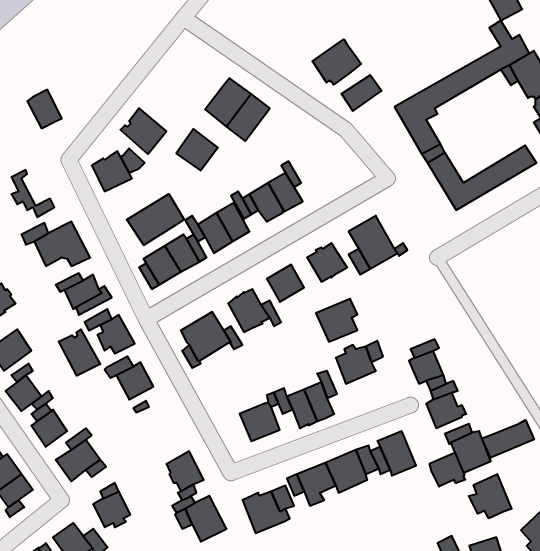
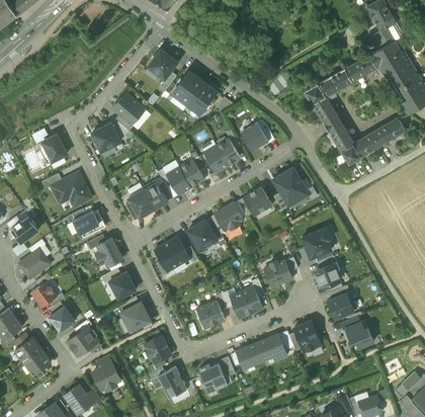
building: [312,39,361,85] -> none
building: [27,90,62,128] -> [42,134,67,161]
building: [176,129,218,171] -> [148,50,177,79]
building: none -> [243,121,268,151]
building: [127,194,184,245] -> none
building: [316,299,357,342] -> [302,227,331,257]
building: [59,329,100,376] -> none
building: none -> [121,301,151,330]
building: [482,420,534,458] -> none
building: [430,452,465,487] -> none
building: [469,474,512,518] -> none

